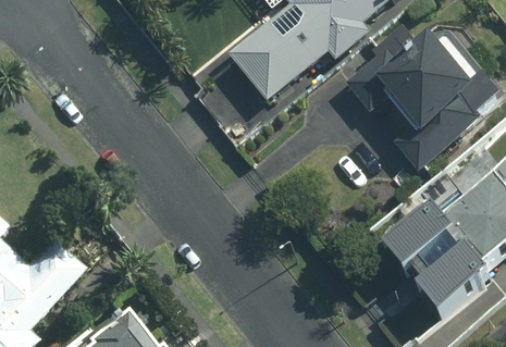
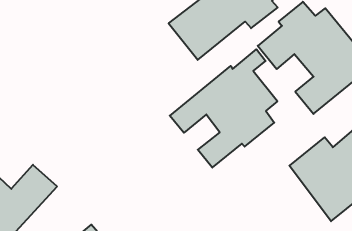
building: none -> [170,49,277,168]

